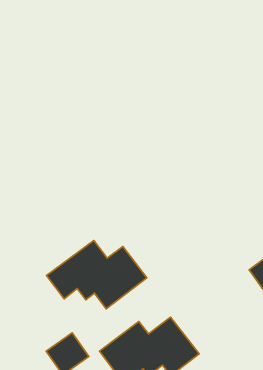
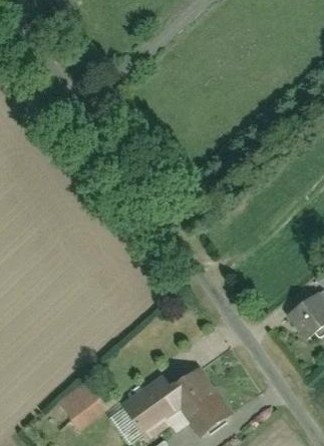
building: [47,241,147,309] -> none

